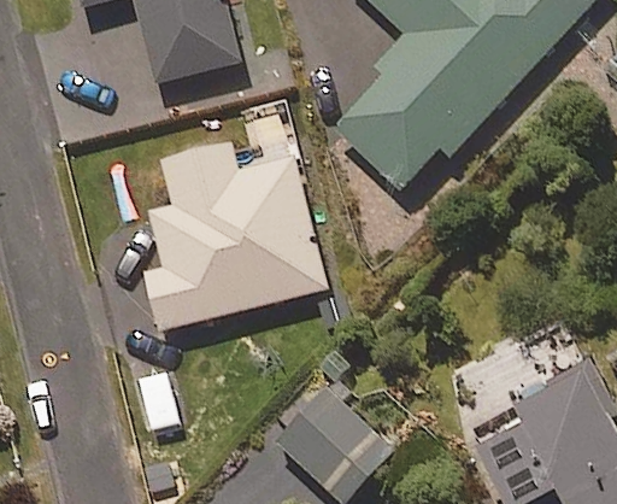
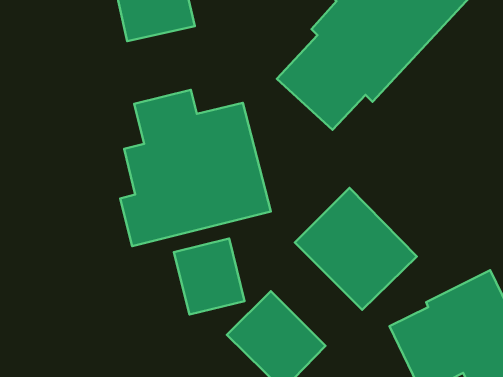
building: none -> [295,188,417,310]
building: none -> [174,238,244,314]

